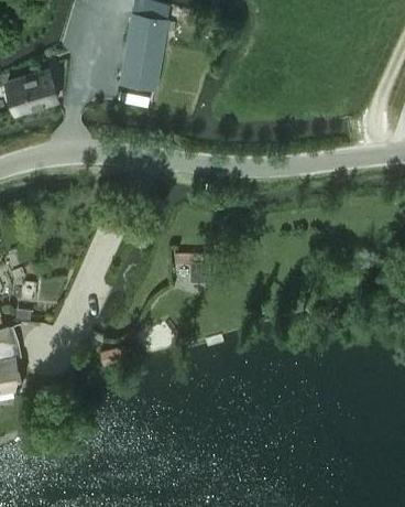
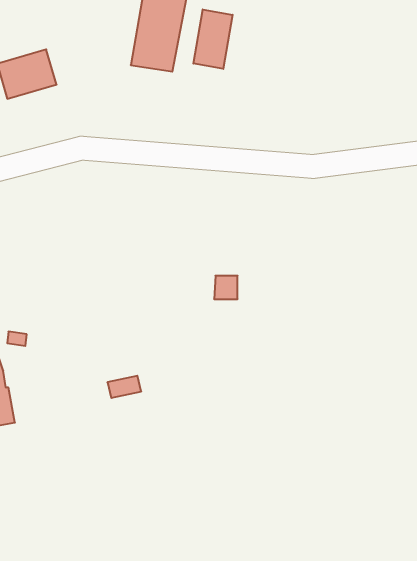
building: none -> [193,9,233,69]

